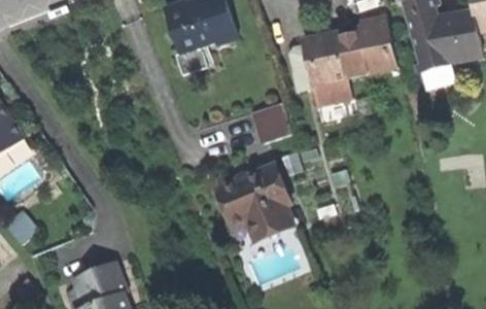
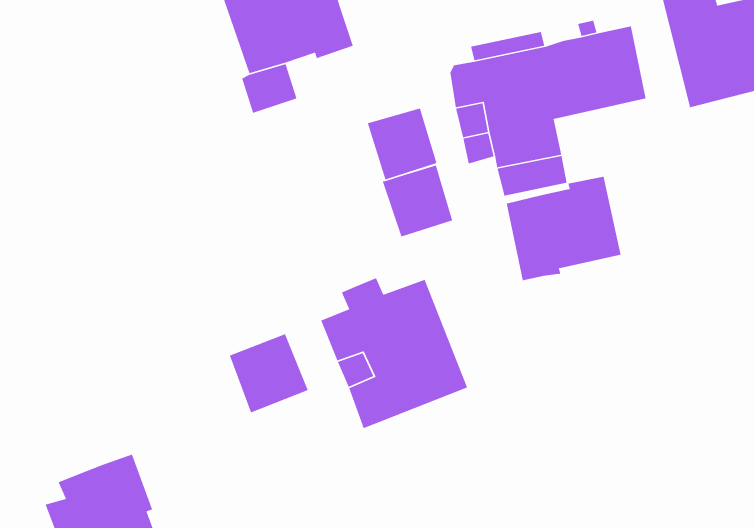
building: none -> [367,107,437,180]
building: none -> [506,176,621,281]
building: none -> [229,333,309,413]

